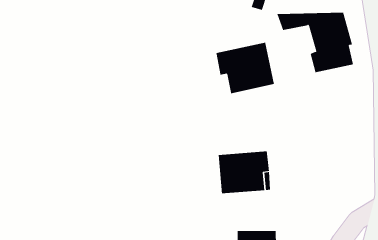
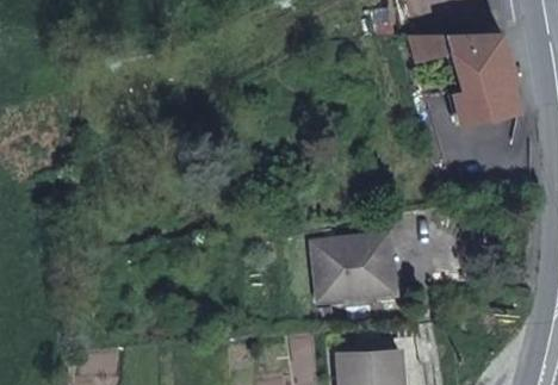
building: [216,42,275,94] -> none

